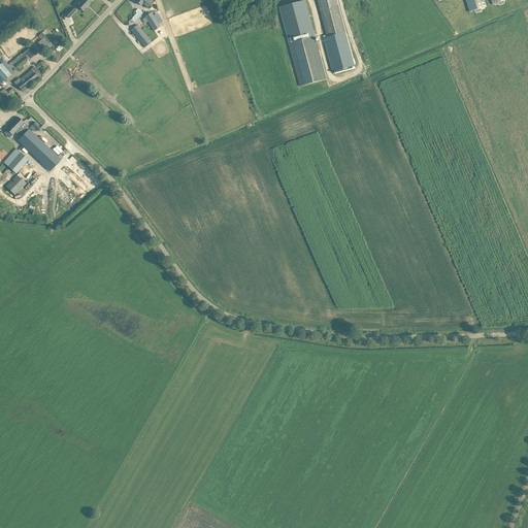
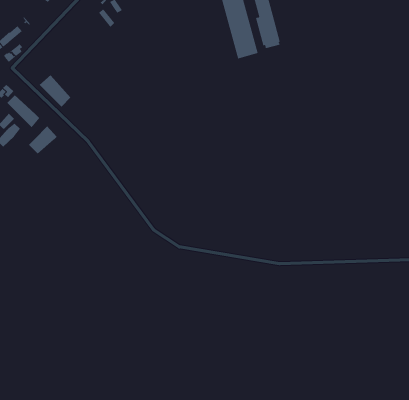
building: none -> [39,75,71,107]
building: none -> [28,126,57,155]

